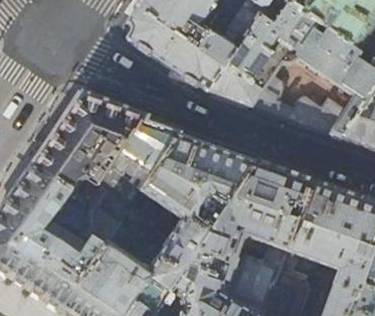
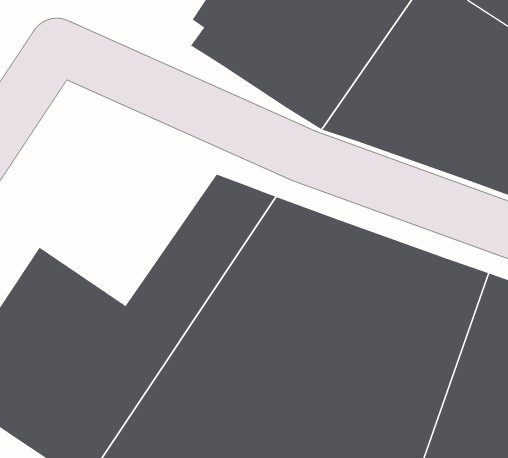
building: [47,102,159,207] -> none

